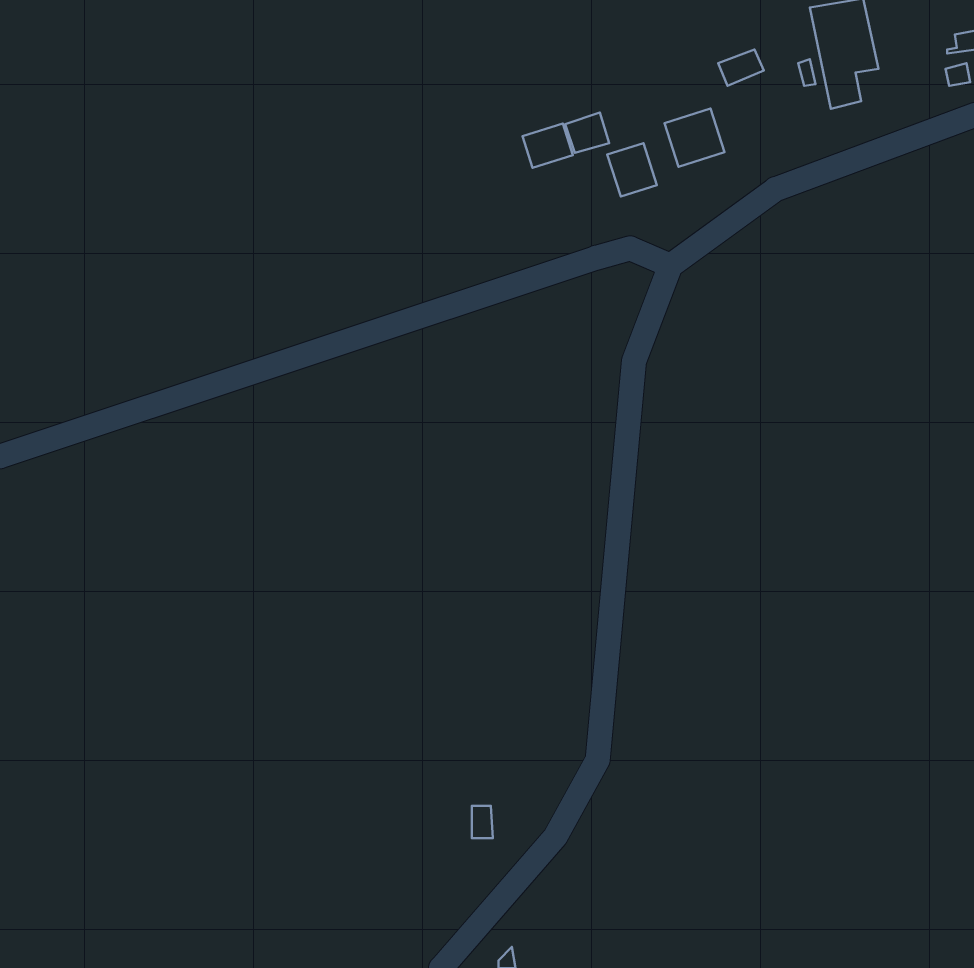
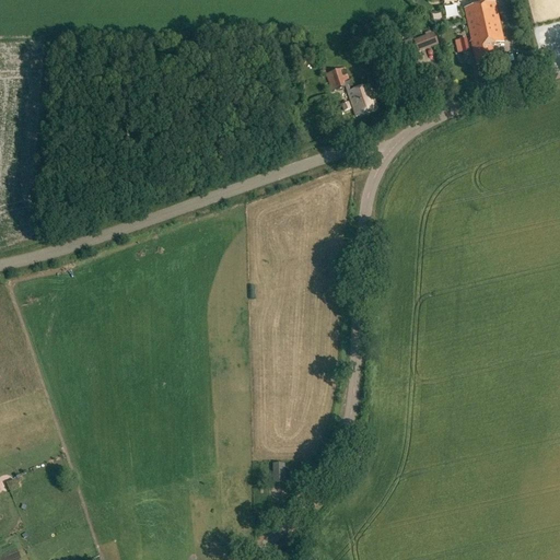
building: [665,109,725,167] -> none
building: [523,124,573,168] -> none

